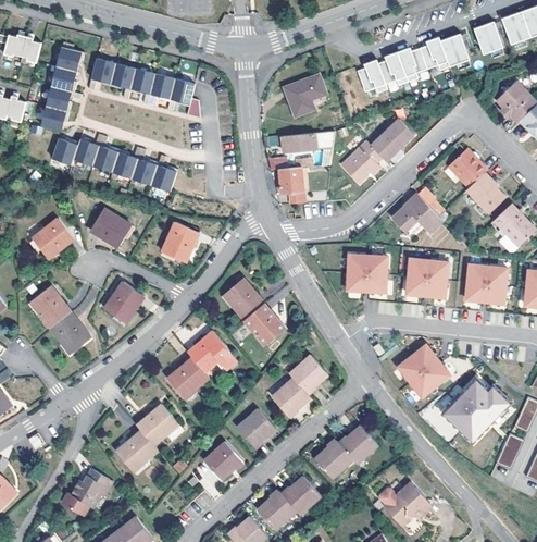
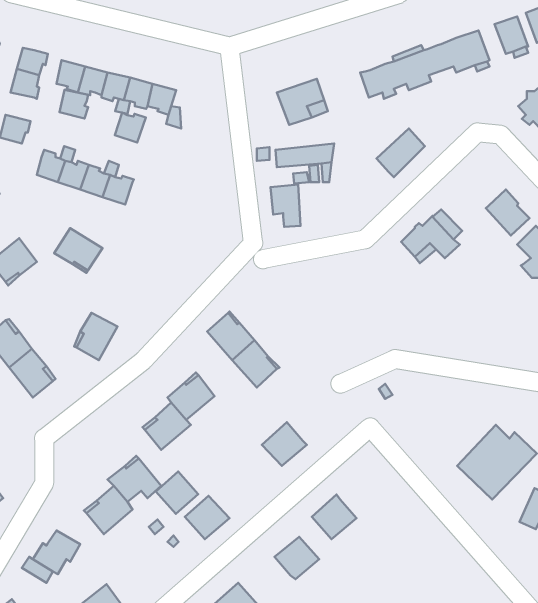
building: [47,87,72,112] -> [59,90,88,118]
building: [51,139,78,165] -> none
building: [340,140,382,183] -> none
building: [449,147,487,186] -> none
building: [151,165,178,192] -> [115,113,146,143]
building: [163,221,199,260] -> none
building: [346,254,387,292] -> none
building: [405,259,448,297] -> none
building: [465,264,507,304] -> none
building: [397,345,449,397] -> none
building: [289,354,327,392] -> none
building: [237,408,274,445] -> [156,472,198,514]
building: [339,426,376,463] -> none
building: [379,482,430,523] -> none
building: [258,490,296,528] -> none

